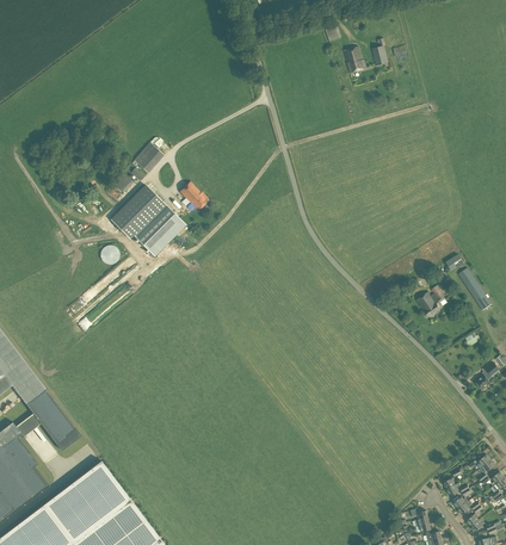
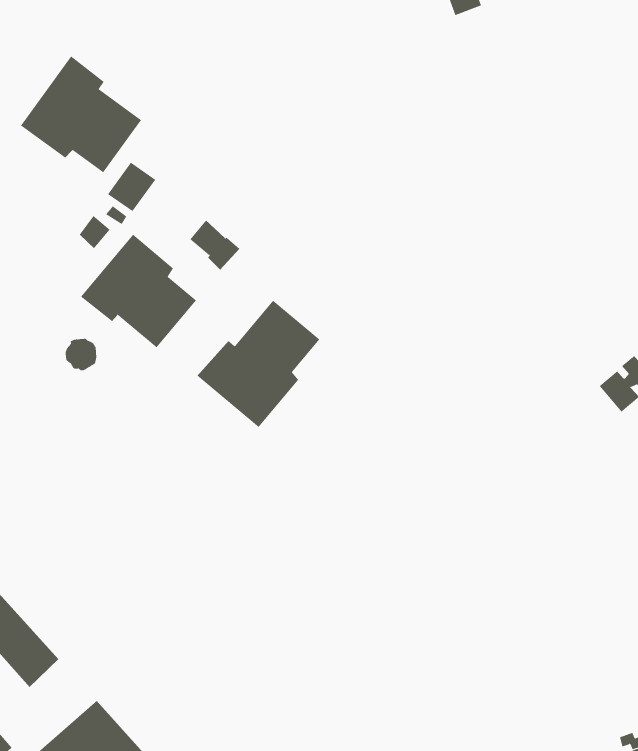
building: none -> [20,56,142,173]
building: none -> [197,300,320,428]

